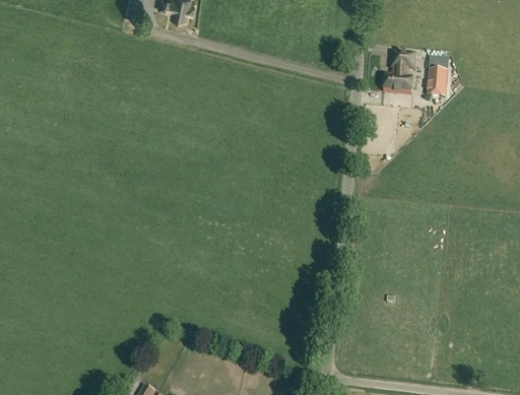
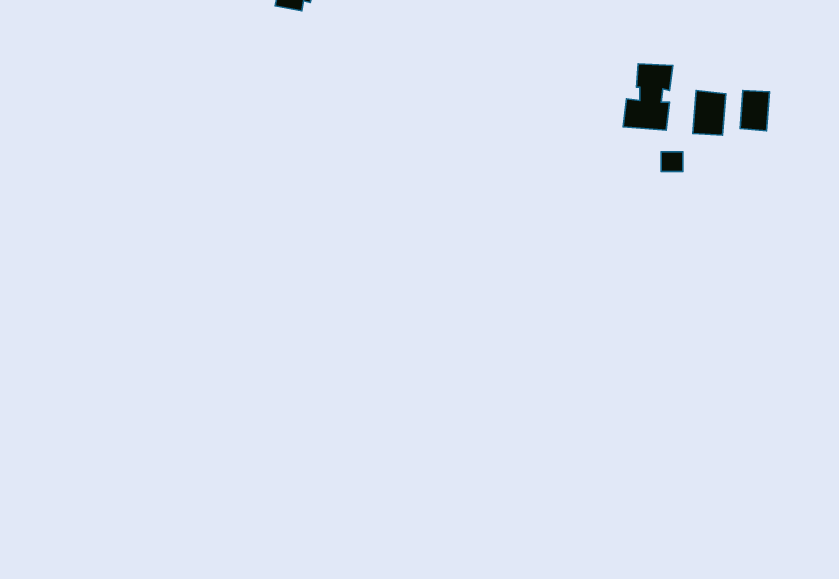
building: none -> [740,91,769,131]

